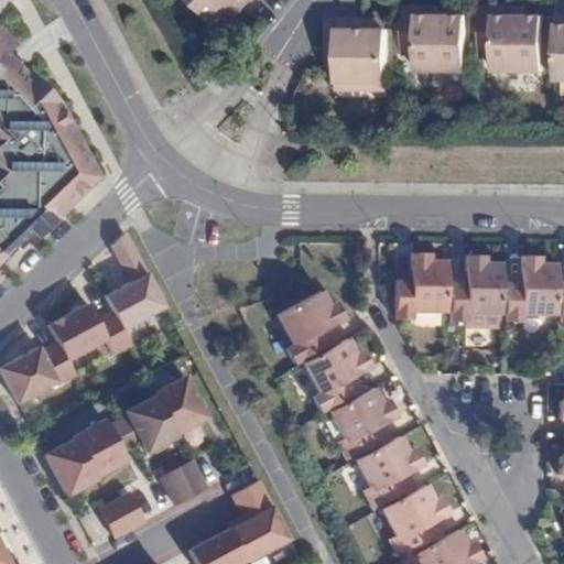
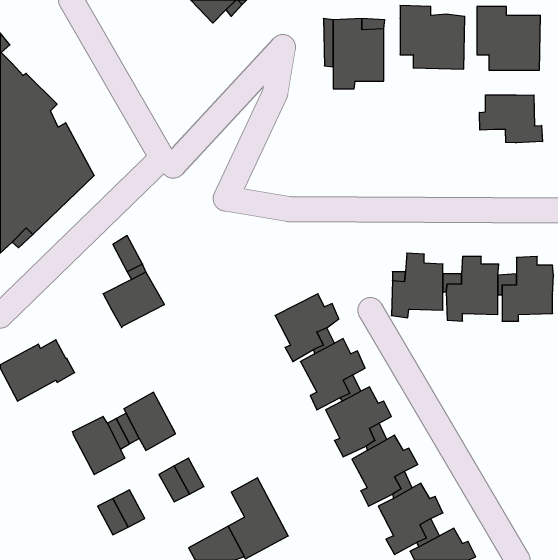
building: none -> [480,95,542,143]
building: [50,304,133,360] -> none
building: [155,376,208,433] -> none
building: [46,437,98,495] -> none

